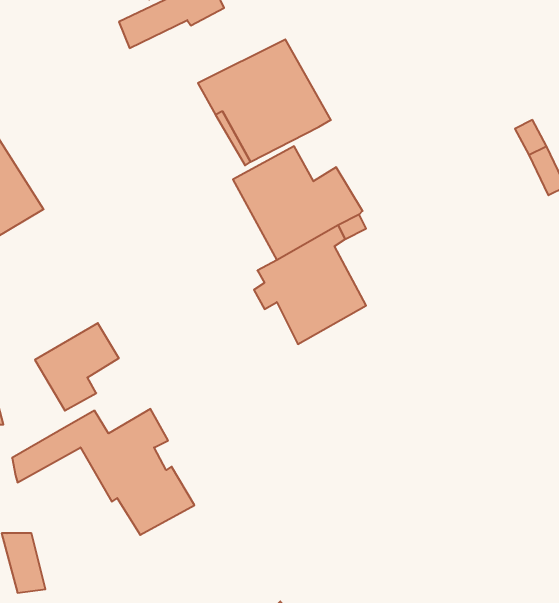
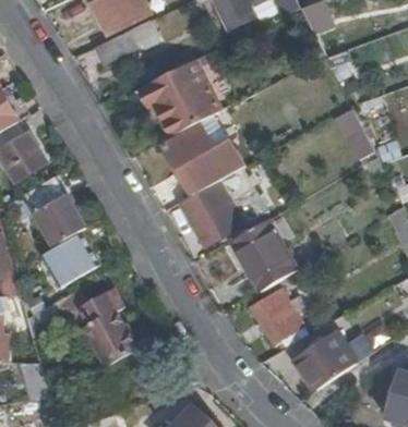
building: none -> [24,178,84,247]
building: none -> [229,219,297,292]
building: none -> [251,289,304,352]
building: none -> [296,334,353,390]

